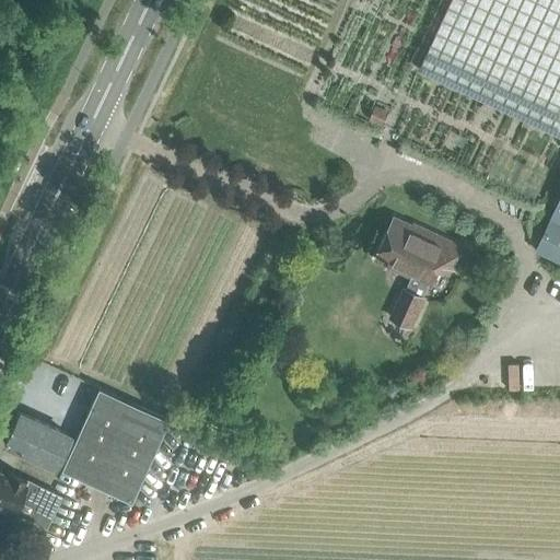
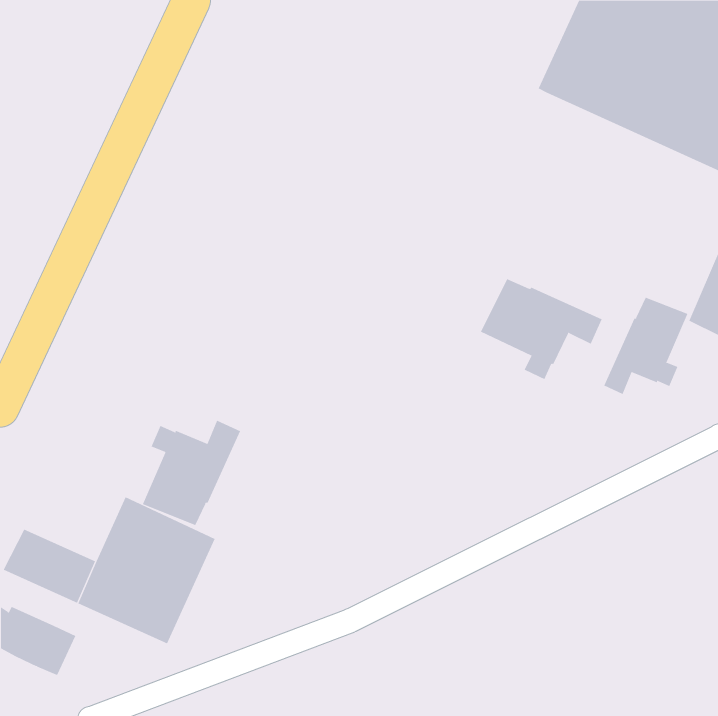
building: none -> [603,297,688,395]
building: [392,289,425,328] -> none
building: none -> [142,420,241,526]

